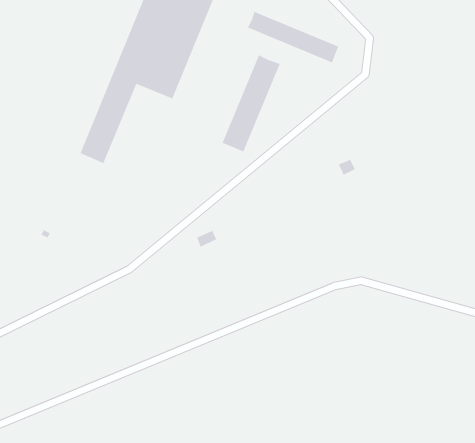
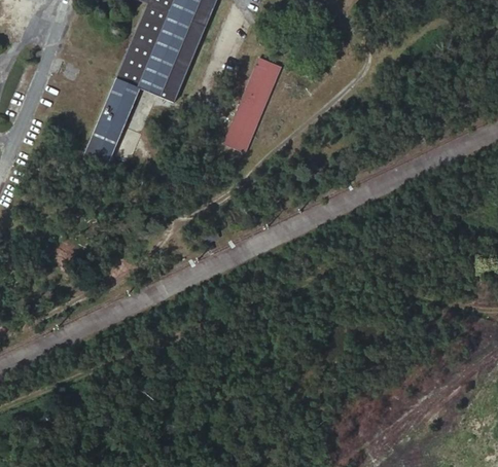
building: [247,11,339,64] -> none

